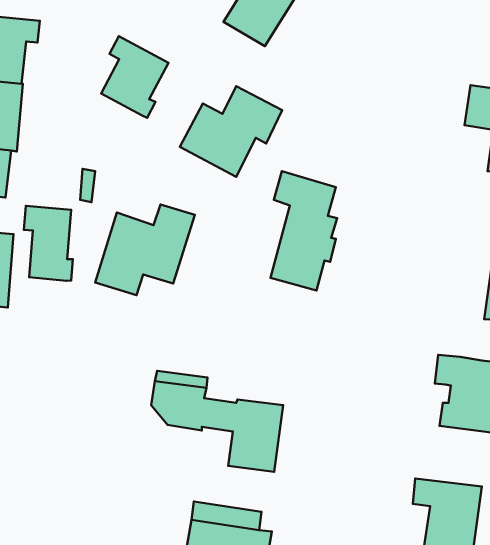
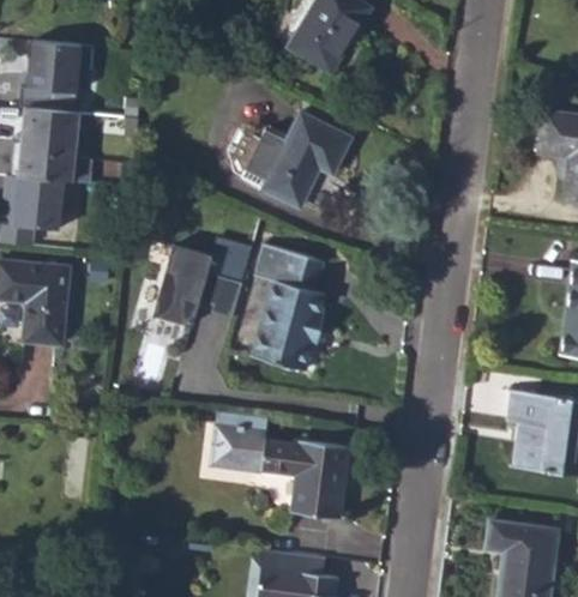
building: [101,36,168,118] -> none
building: [270,171,337,290] -> [253,246,323,370]
building: [24,206,73,281] -> none

